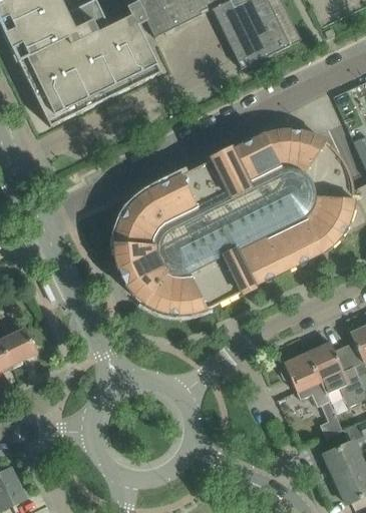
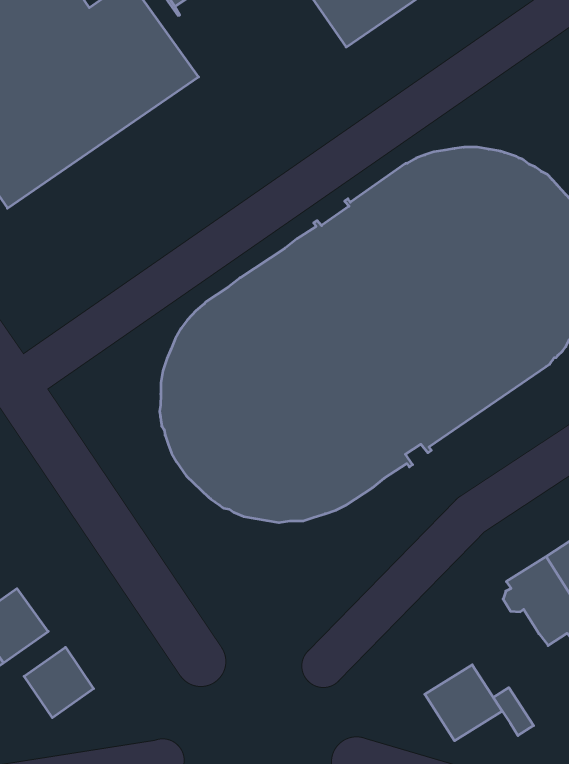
building: none -> [24,647,94,718]
building: none -> [425,665,502,741]

